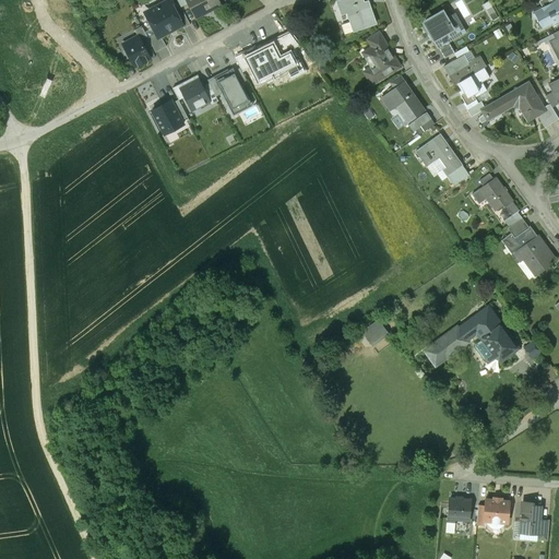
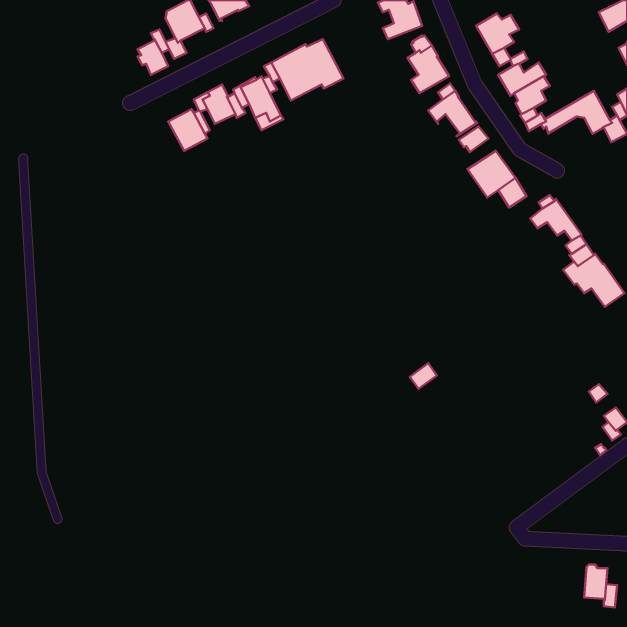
building: [425,306,519,365] -> none
building: [447,498,469,522] -> none
building: [484,498,509,524] -> none

